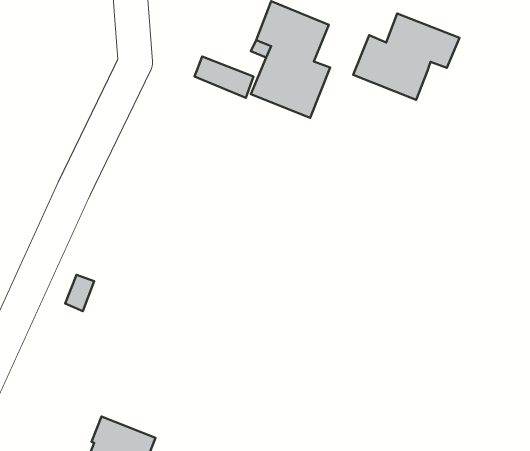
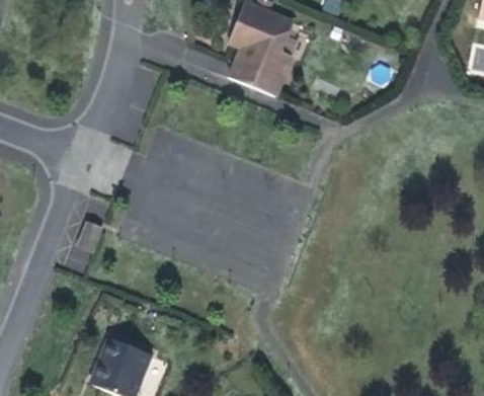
building: [353,14,459,100] -> none

